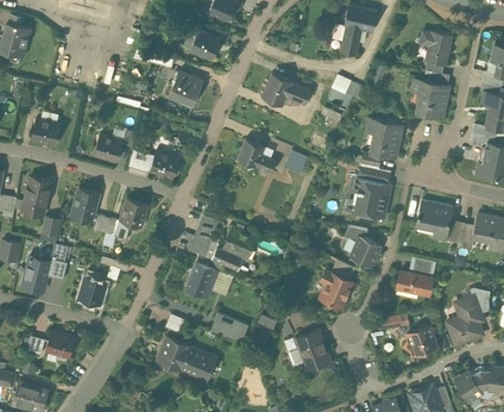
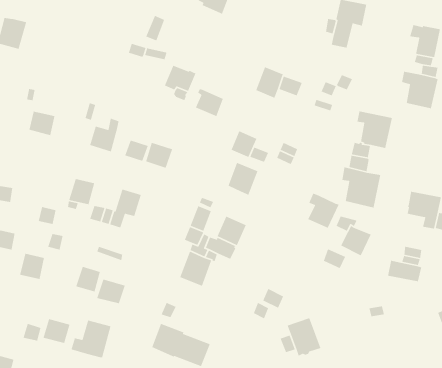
building: [190,30,220,60] -> [195,88,224,117]
building: none -> [227,162,259,196]
building: [23,177,51,216] -> none
building: [320,270,353,307] -> [307,193,340,229]
building: none -> [96,278,126,304]
building: [210,313,248,343] -> none
building: [404,326,437,352] -> none
building: none -> [71,320,111,358]

